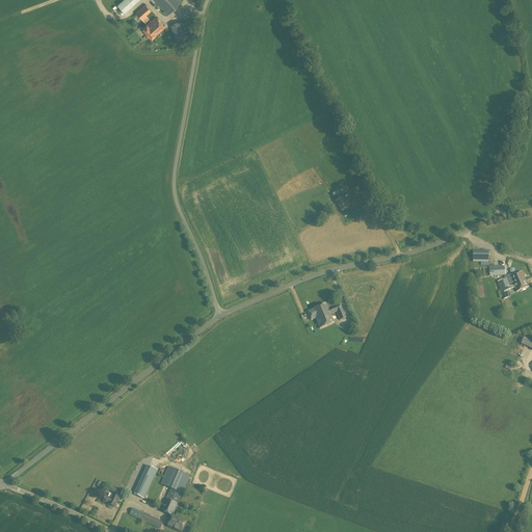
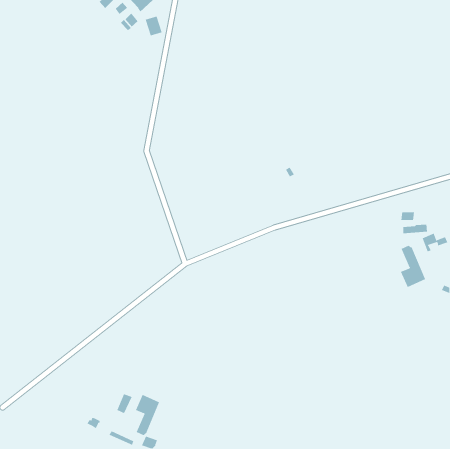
building: none -> [400,245,426,288]
building: [307,301,345,326] -> none

